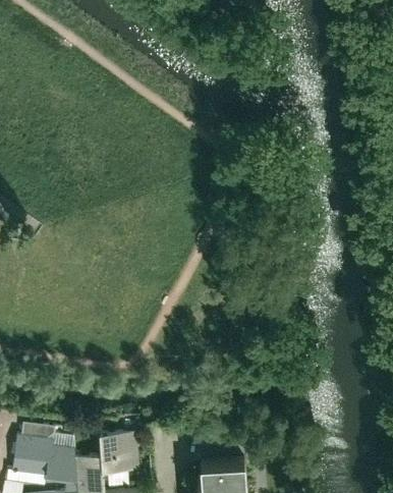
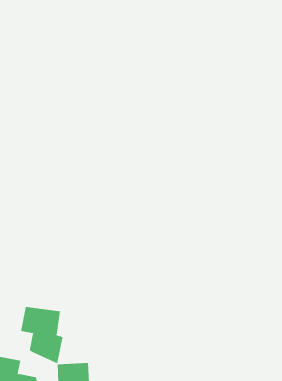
building: none -> [21,306,63,364]

